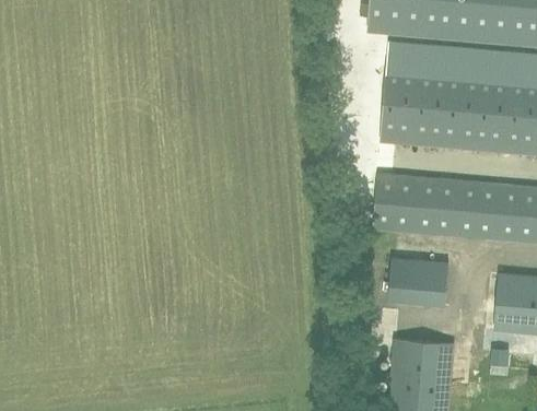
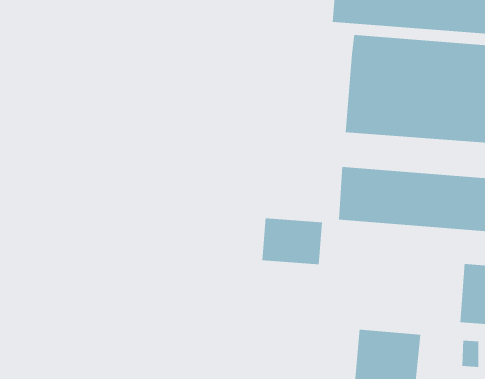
building: [388,259,450,306] -> [262,218,323,265]

